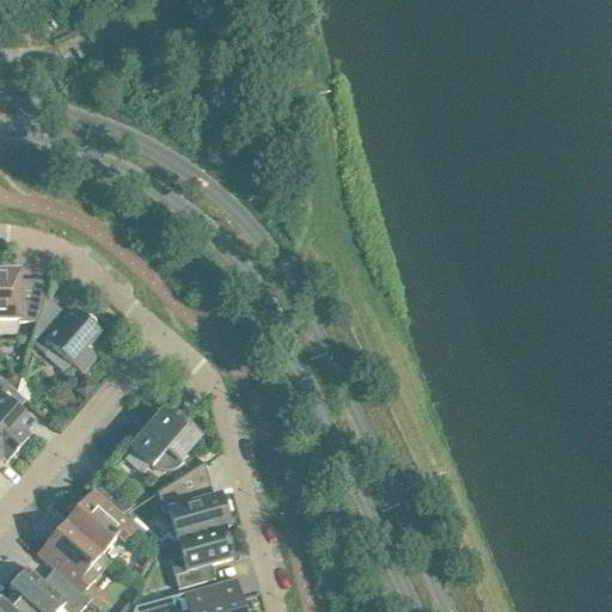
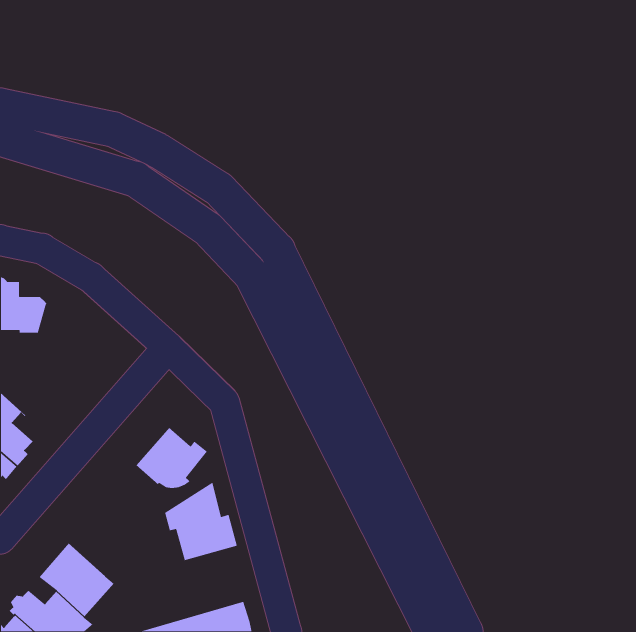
building: [31,294,100,372] -> none
building: [66,489,137,553] -> none
building: [170,525,232,588] -> none

